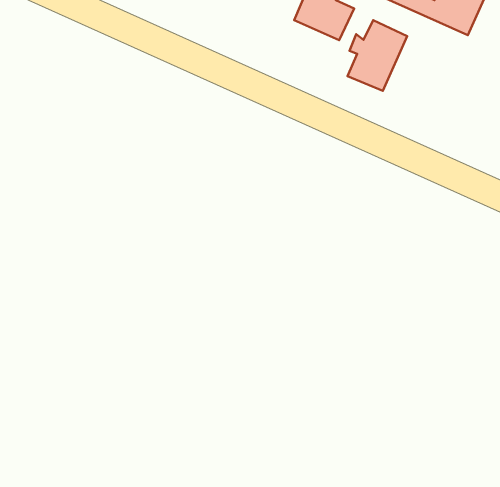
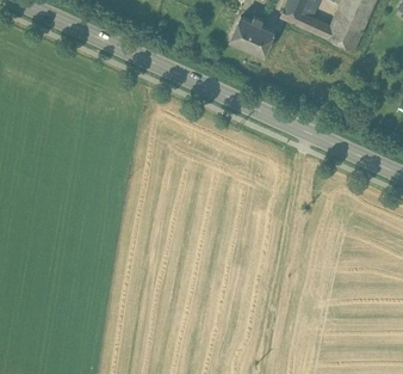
building: [347,20,407,91] -> none

